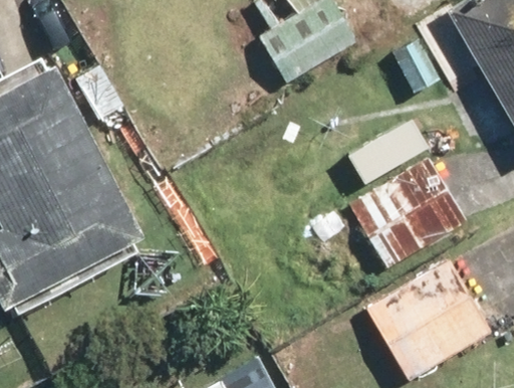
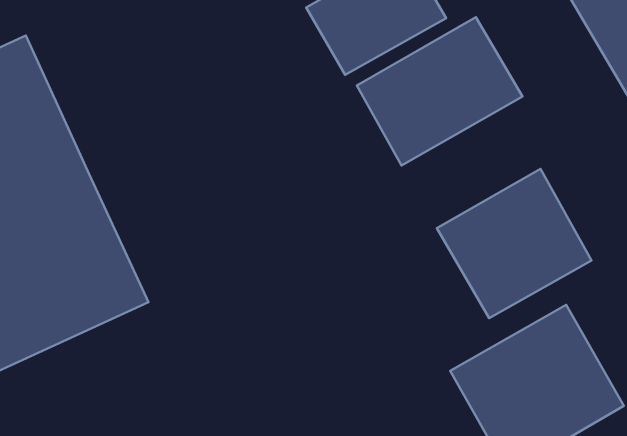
building: none -> [357,17,523,166]

